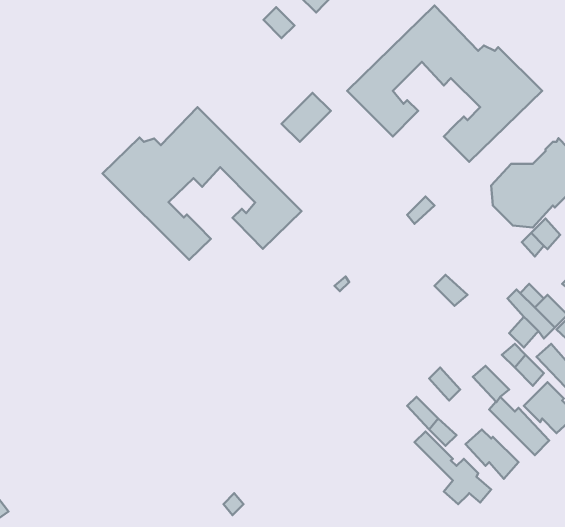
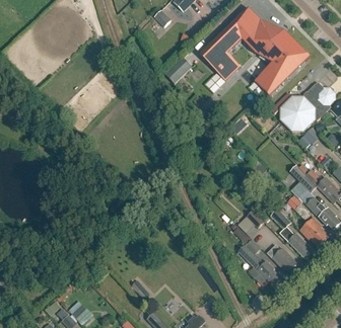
building: [103,107,302,260] -> none

